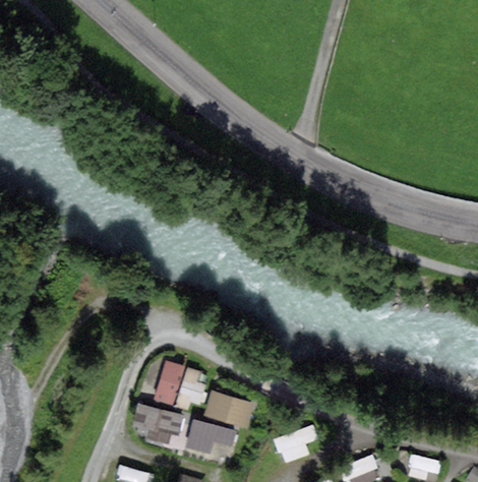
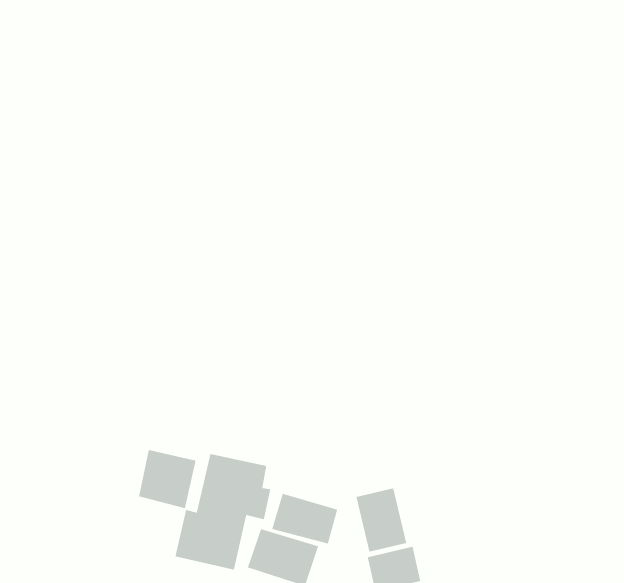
building: none -> [138,449,196,509]
building: none -> [356,487,407,553]

